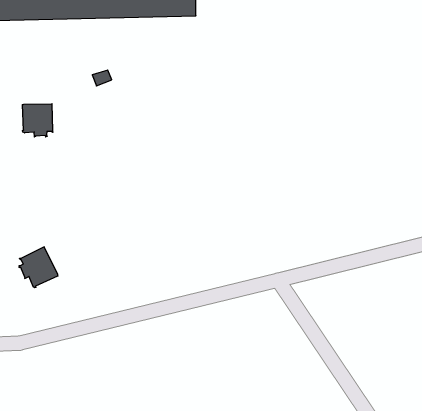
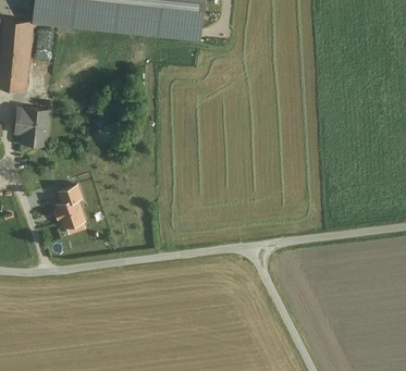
building: [22,104,53,137] -> none

